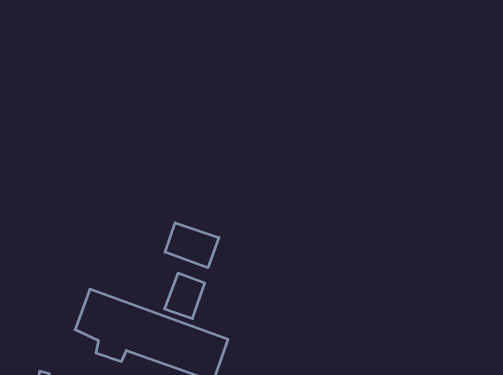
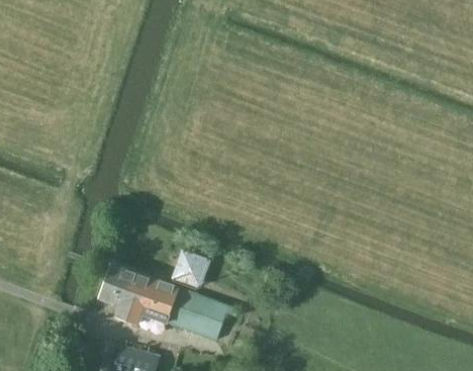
building: [165,223,219,268] -> none

